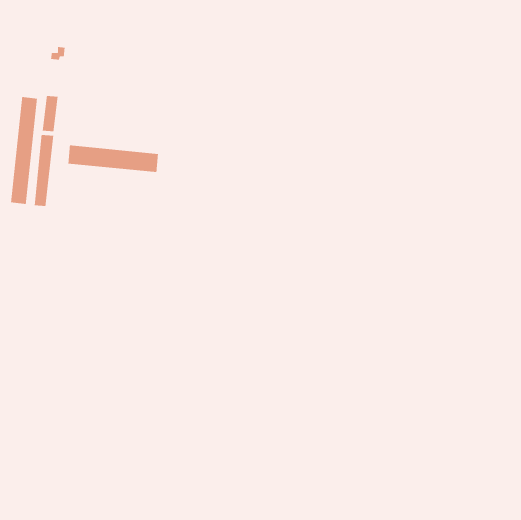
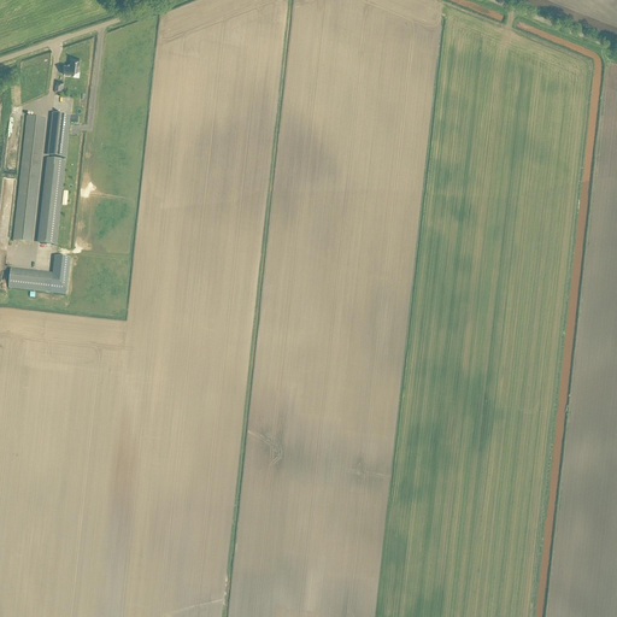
building: [68,145,159,173] -> none
building: none -> [6,254,69,293]

